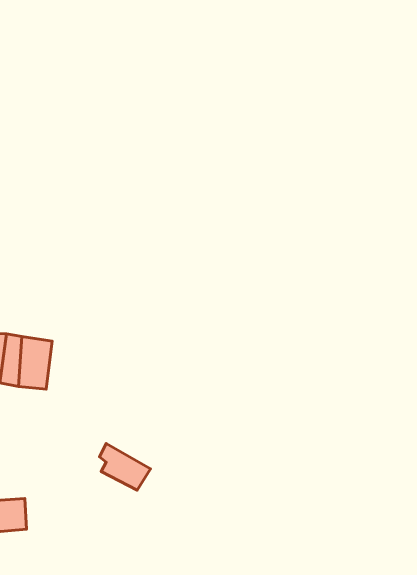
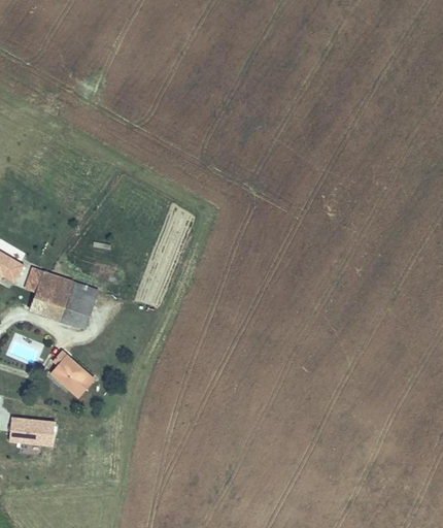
building: [99,444,151,490] -> [58,354,99,396]

